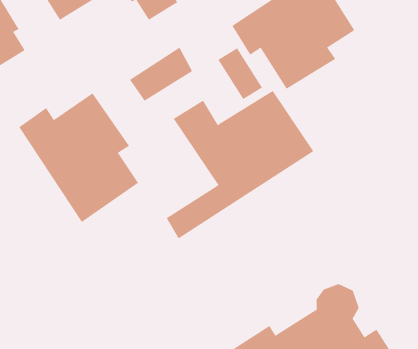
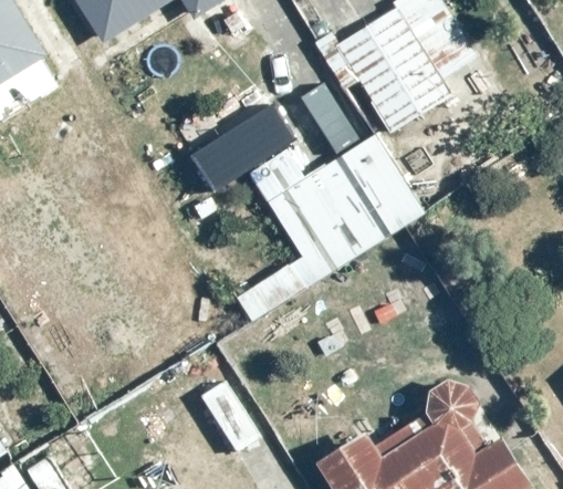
building: [19,93,139,223] -> none

